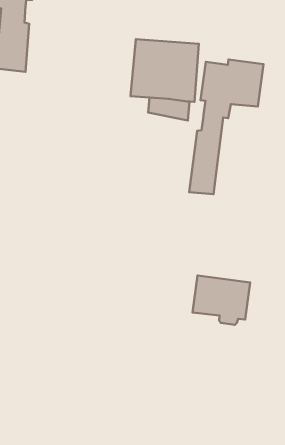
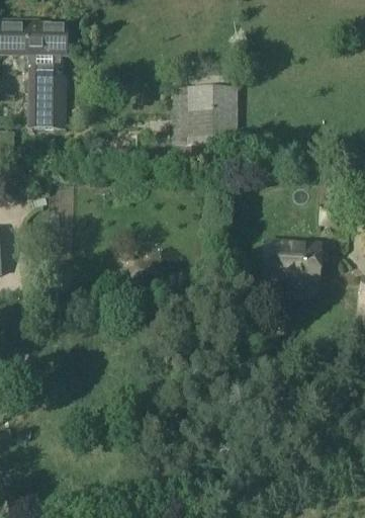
building: [189,60,263,194] -> none
building: [193,276,250,325] -> [264,239,320,285]

